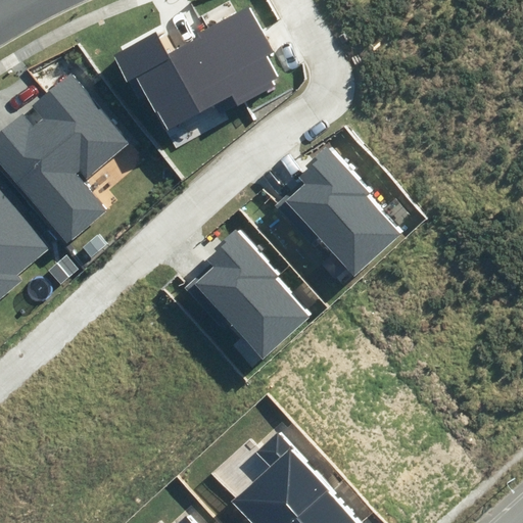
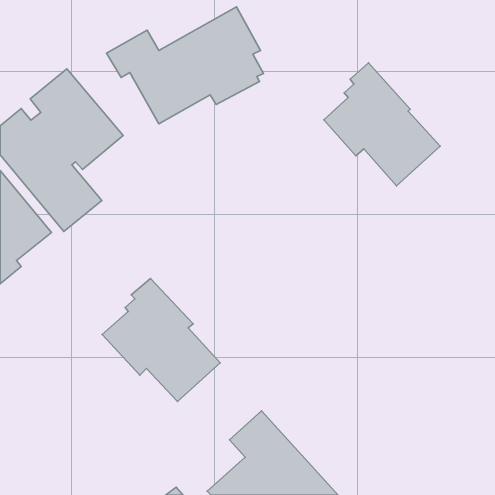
building: [278,145,400,275] -> [324,63,440,186]
building: [184,229,308,359] -> [102,278,220,401]

